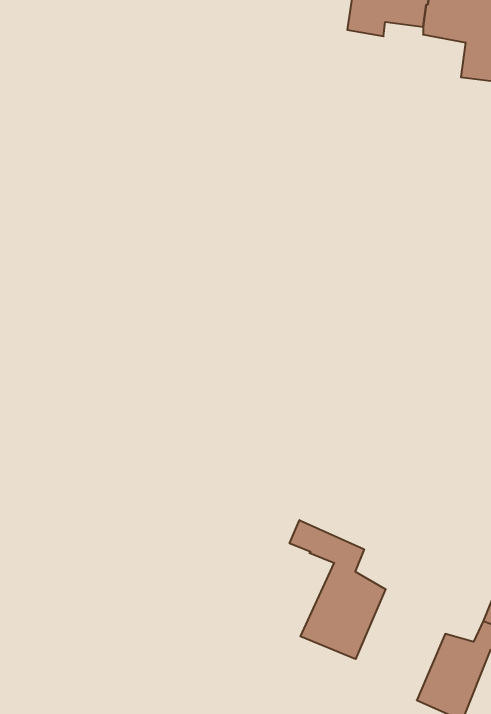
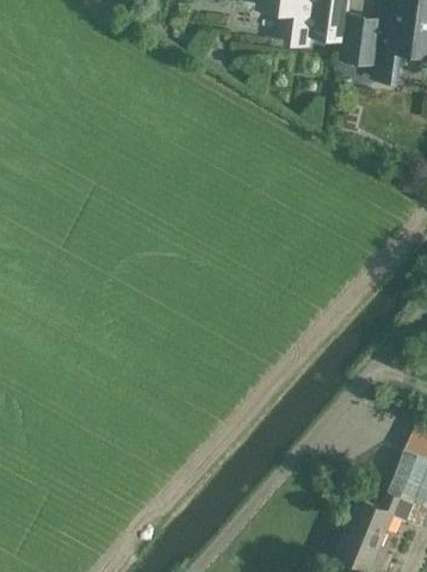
building: [290,520,386,659] -> none

